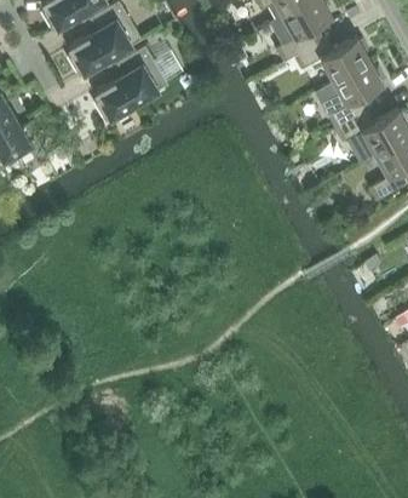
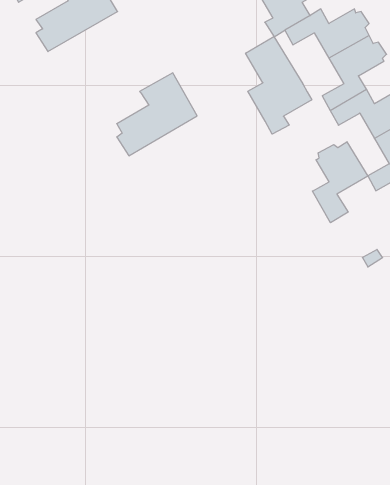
building: [93,46,166,121] -> [117,73,197,156]
building: none -> [246,37,312,134]
building: none -> [312,142,368,223]

